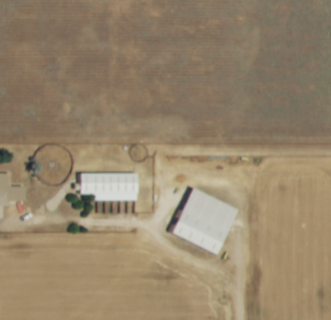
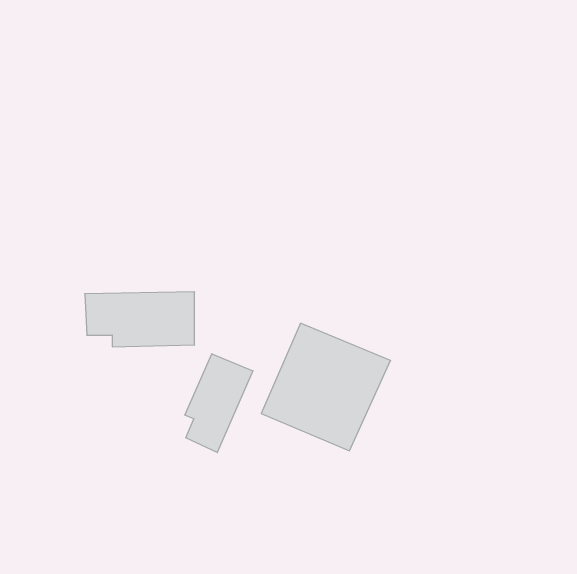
building: none -> [185,354,253,453]

